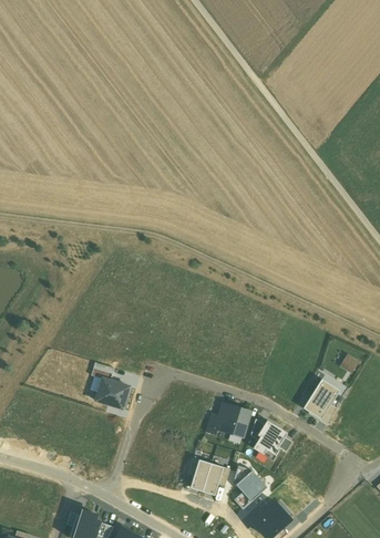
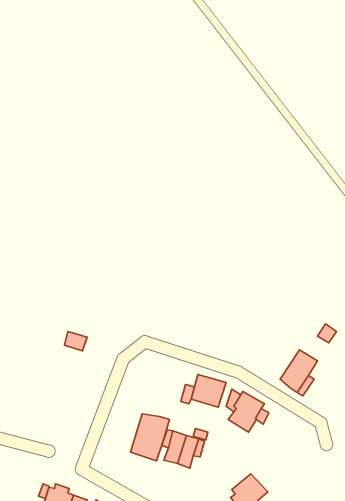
building: [96,379,130,408] -> none
building: none -> [130,414,170,461]
building: [233,466,267,509] -> none

